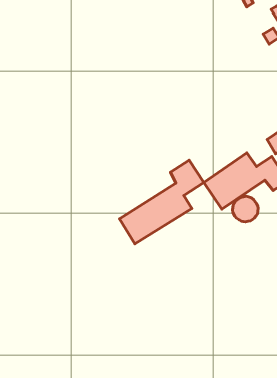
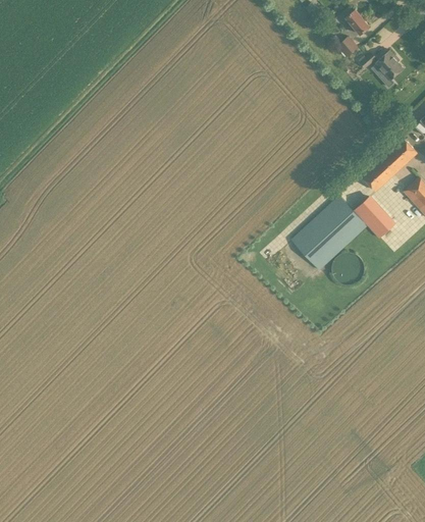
building: [120,160,204,244] -> none

